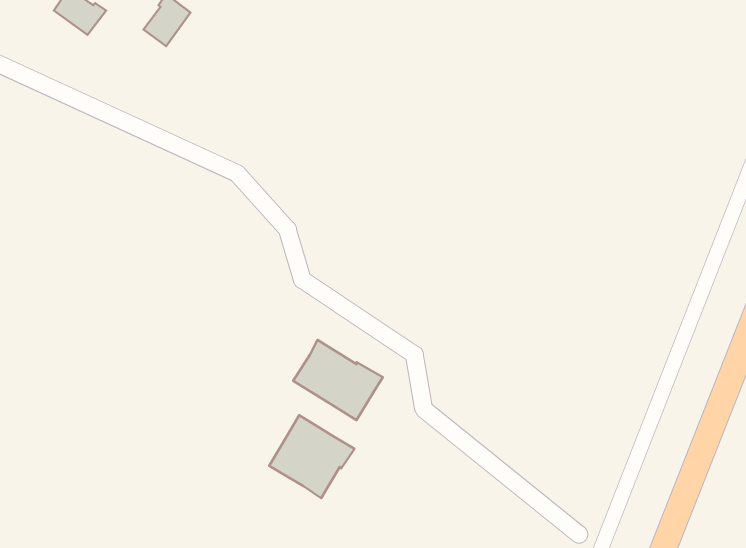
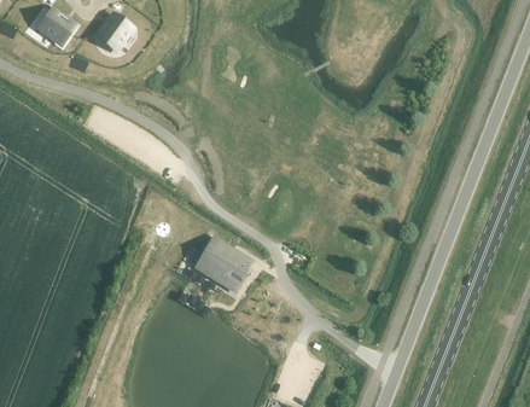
building: [269,415,354,498] -> none

